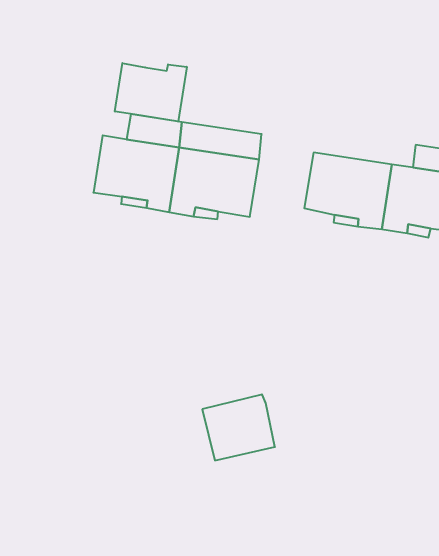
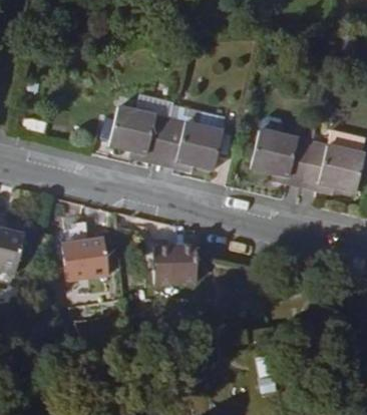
building: [115,63,187,122] -> none
building: none -> [64,238,112,281]
building: [202,394,275,460] -> [152,247,200,289]

